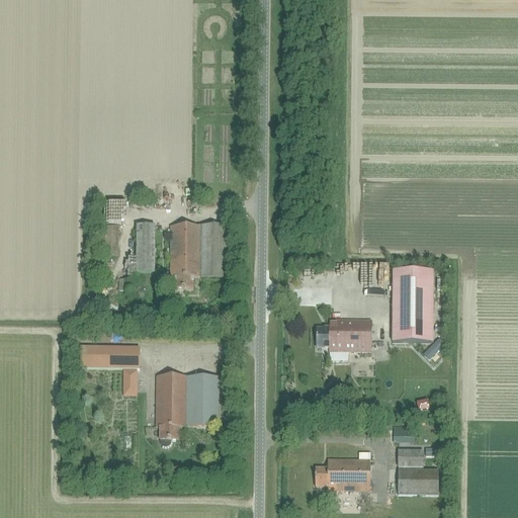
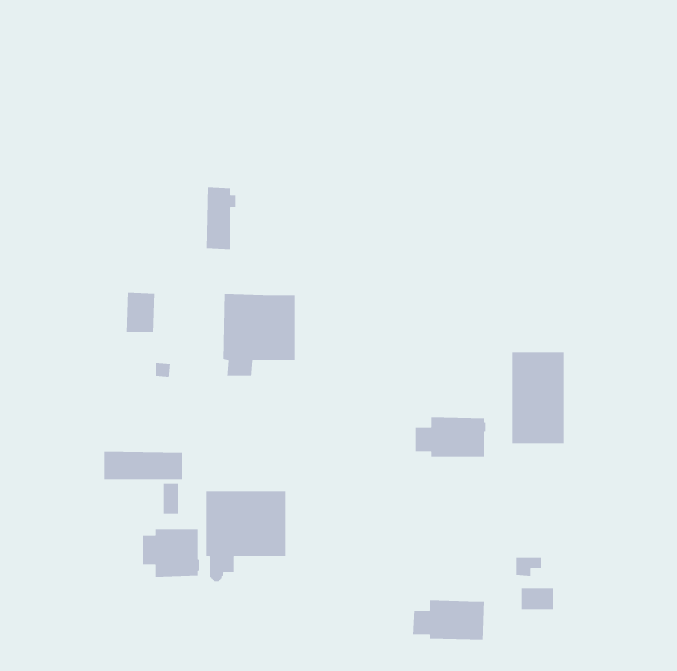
building: [136,223,159,271] -> [206,187,236,250]
building: none -> [142,528,200,578]
building: [398,467,438,493] -> none

